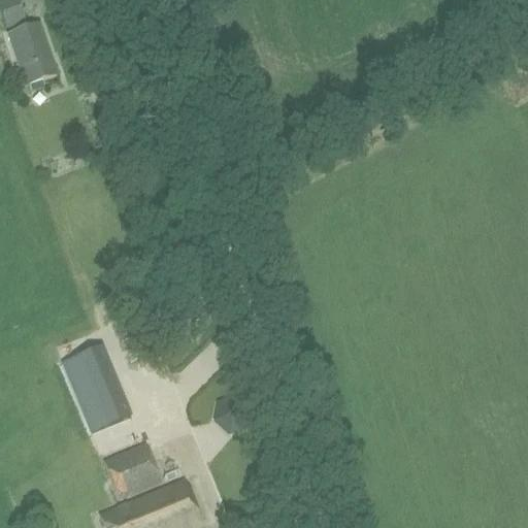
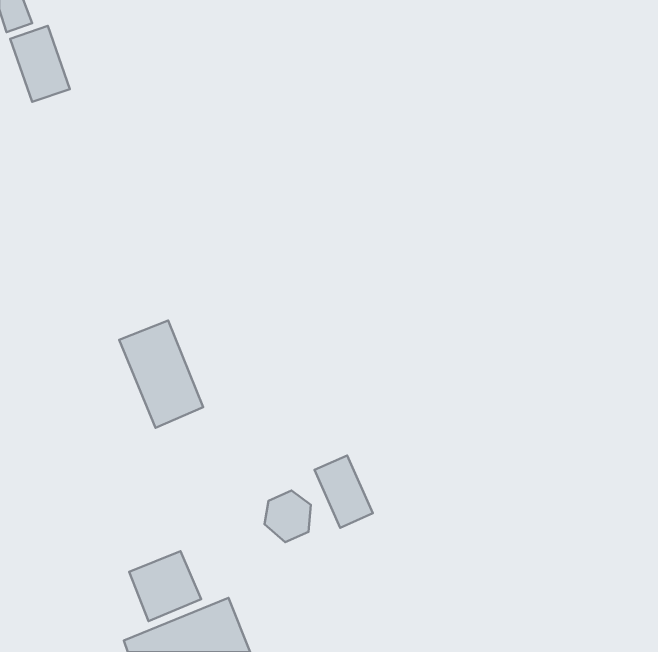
building: [62,344,129,430] -> [119,321,203,428]
building: none -> [315,455,373,528]

